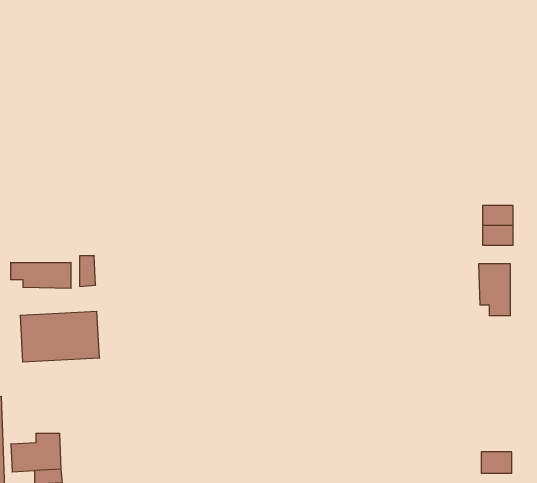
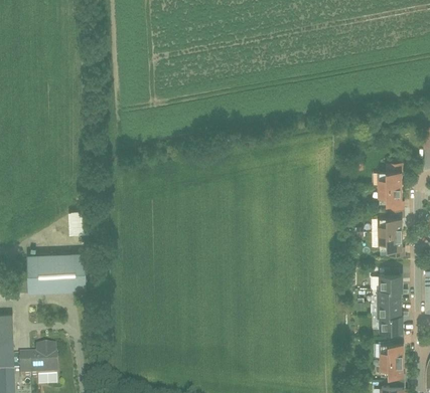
building: [11,262,71,288] -> none
building: none -> [377,274,402,332]
building: none -> [379,343,402,360]

